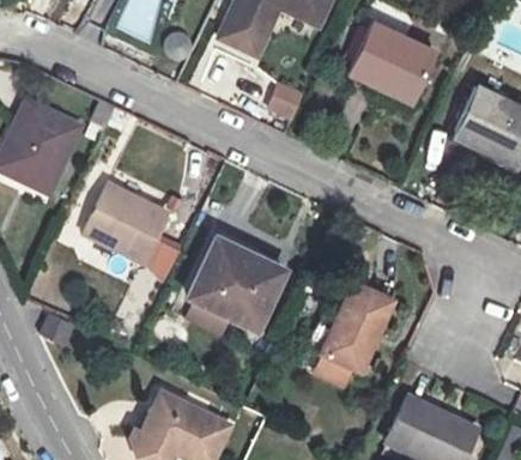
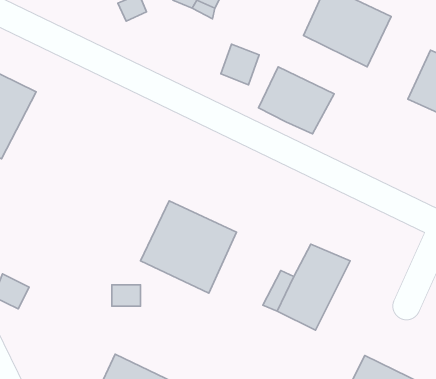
building: none -> [259,67,334,134]
building: [83,183,170,266] -> none

